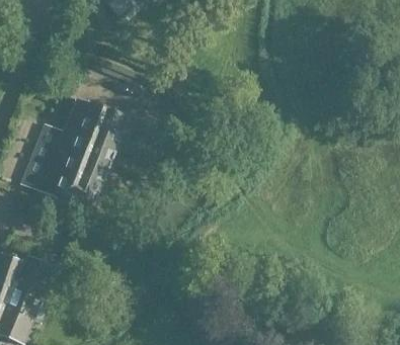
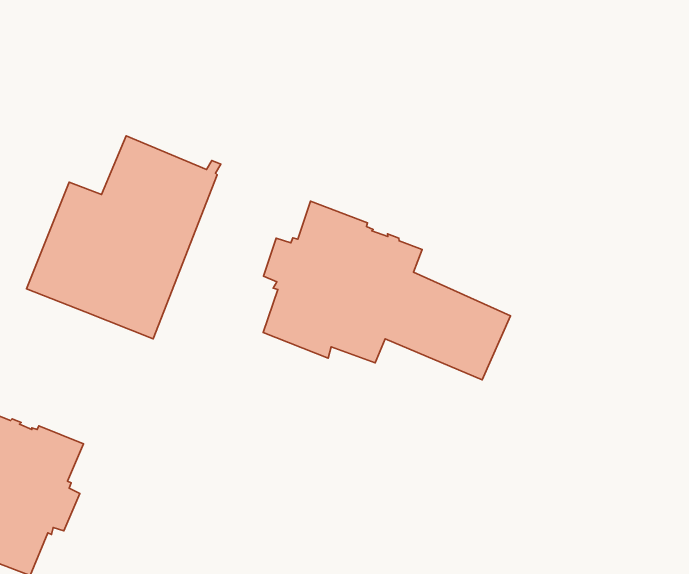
building: none -> [263,201,511,380]

